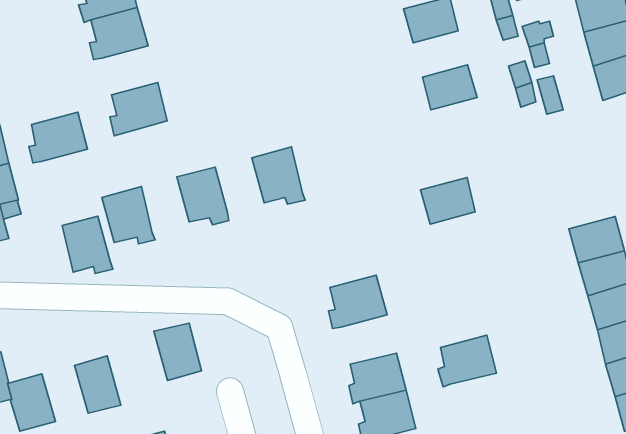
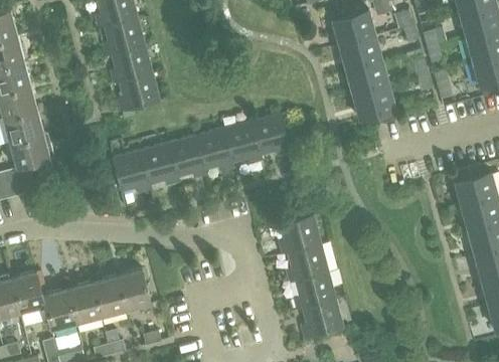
building: none -> [341,35,381,69]
building: [29,112,88,163] -> [110,46,153,83]
building: none -> [252,114,291,156]
building: none -> [195,129,233,171]
building: [421,178,475,224] -> [354,84,394,119]
building: [62,216,113,273] -> [141,143,178,185]
building: [154,323,202,380] -> [116,268,151,311]
building: [438,335,496,387] -> [286,244,329,283]
building: none -> [67,282,102,323]

